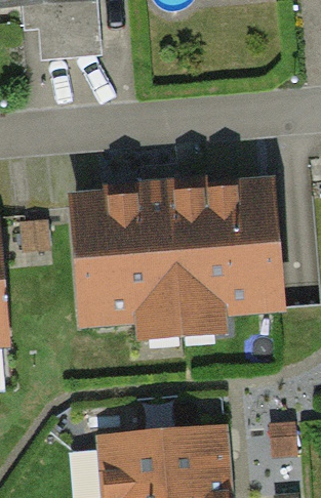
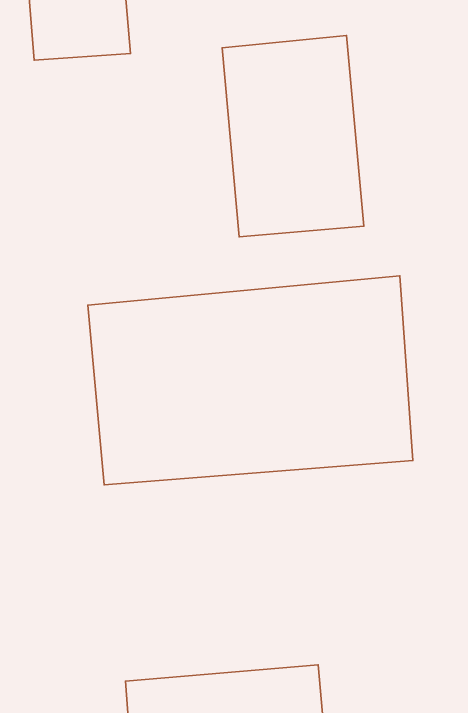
building: none -> [222,36,364,237]

